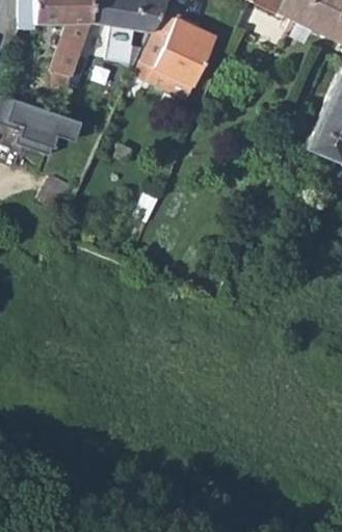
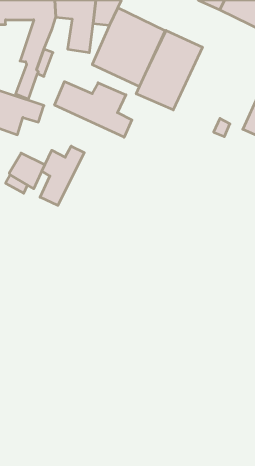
building: none -> [136,30,202,110]
building: none -> [55,82,132,137]
building: none -> [40,146,84,205]

